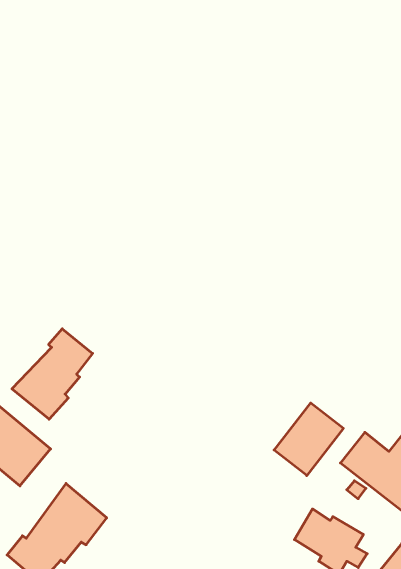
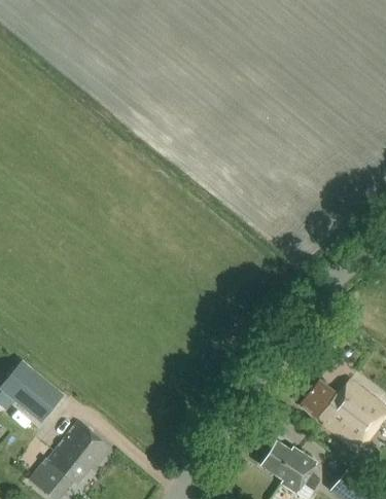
building: [12,329,93,419] -> none
building: [274,403,343,476] -> none

